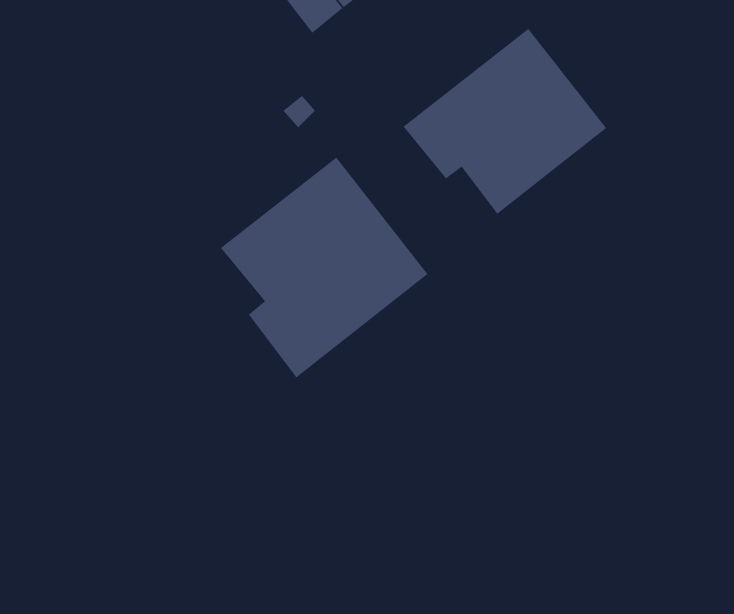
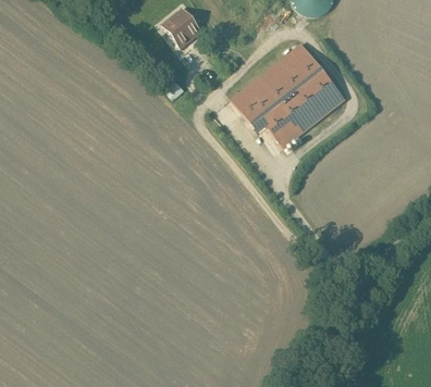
building: [220,157,429,379] -> none

